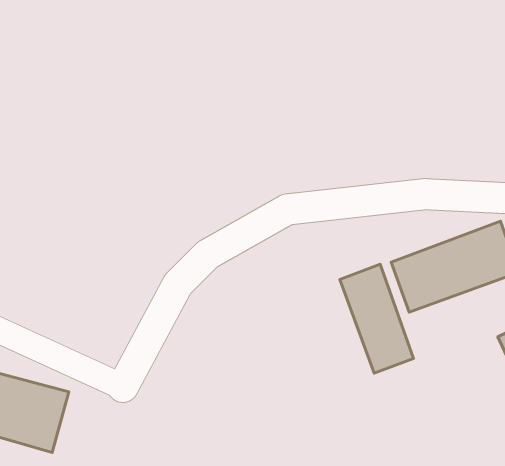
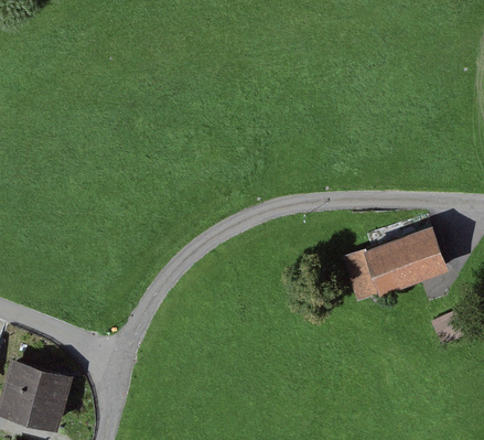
building: [340,264,413,373] -> none

